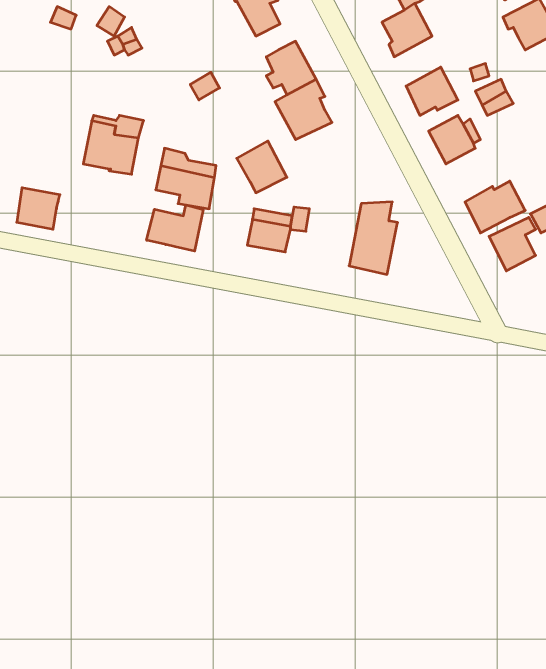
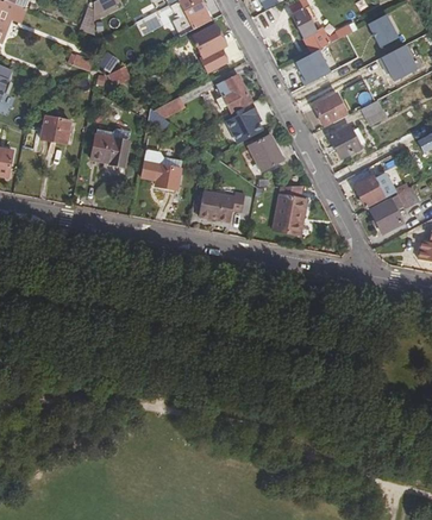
building: [237,141,287,193] -> [248,133,282,169]
building: [17,188,60,229] -> [39,114,69,143]
building: [147,205,203,251] -> none

